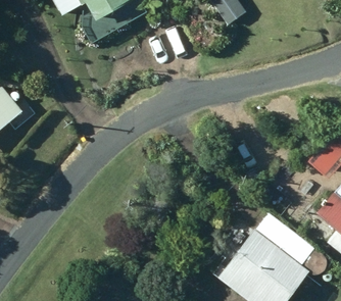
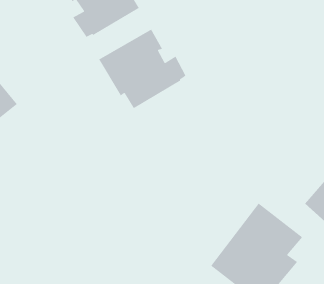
building: none -> [98,28,186,109]

